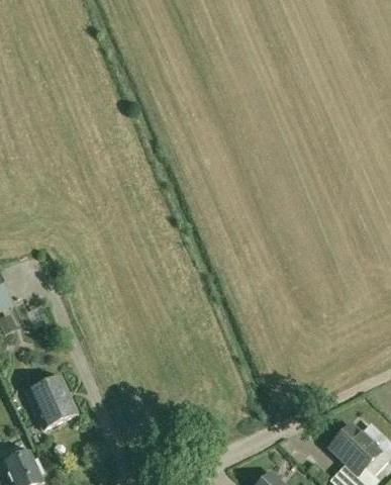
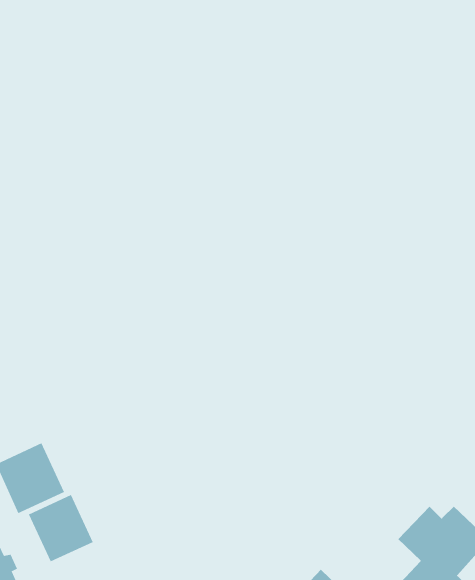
building: none -> [28,494,93,562]

